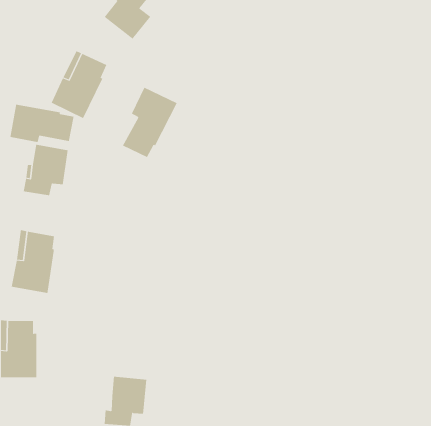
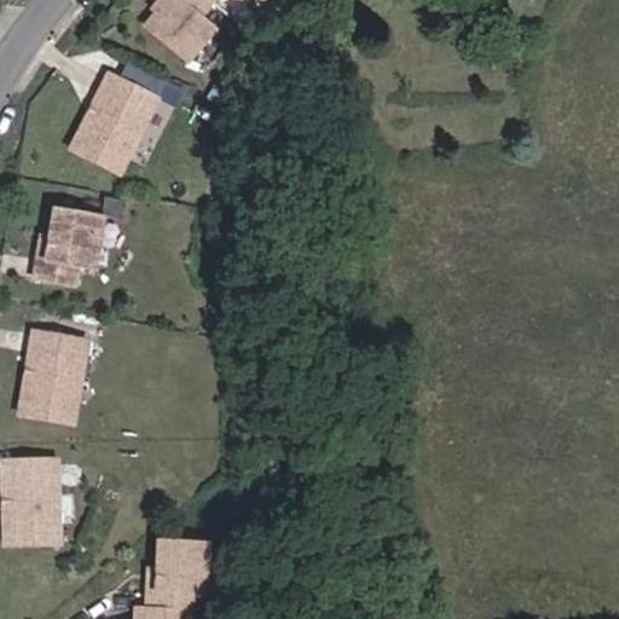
building: [122,87,178,158] -> none
building: [10,104,74,143] -> none

